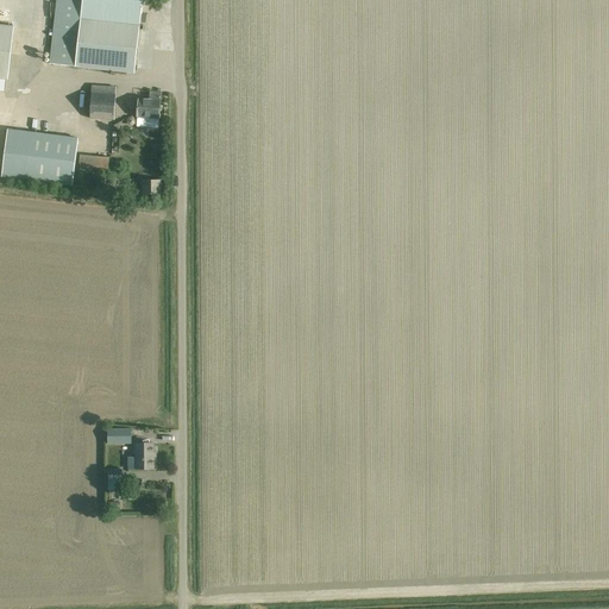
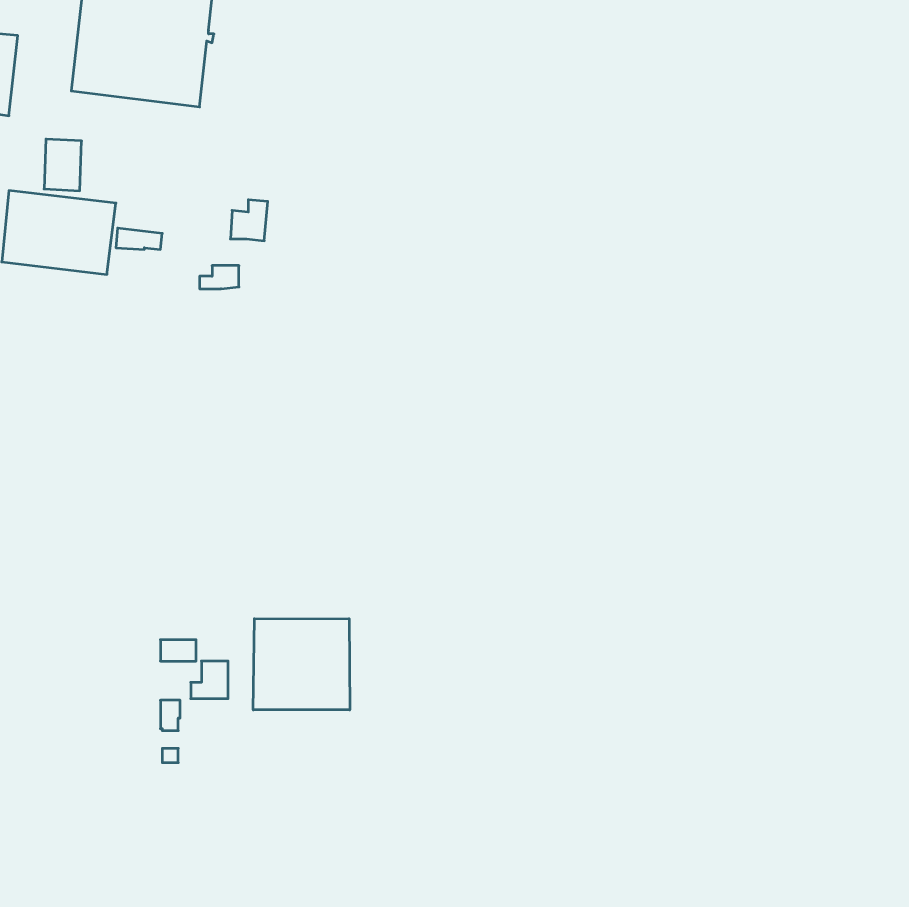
building: [89,83,114,118] -> [44,139,82,191]
building: [134,89,159,117] -> [230,200,268,241]
building: none -> [253,619,350,710]

